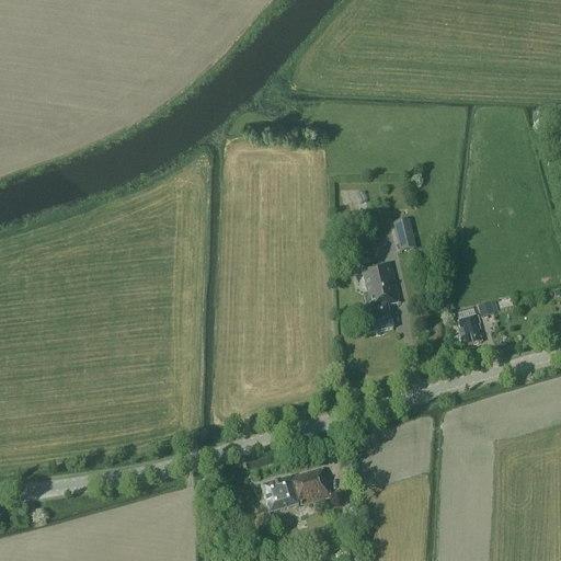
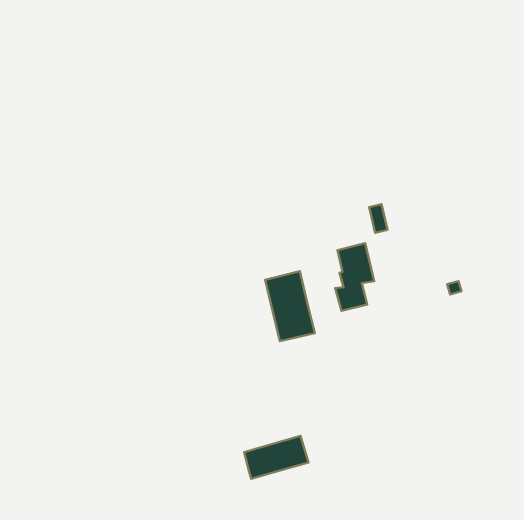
building: none -> [265,271,315,341]
building: [458,312,481,345] -> none

